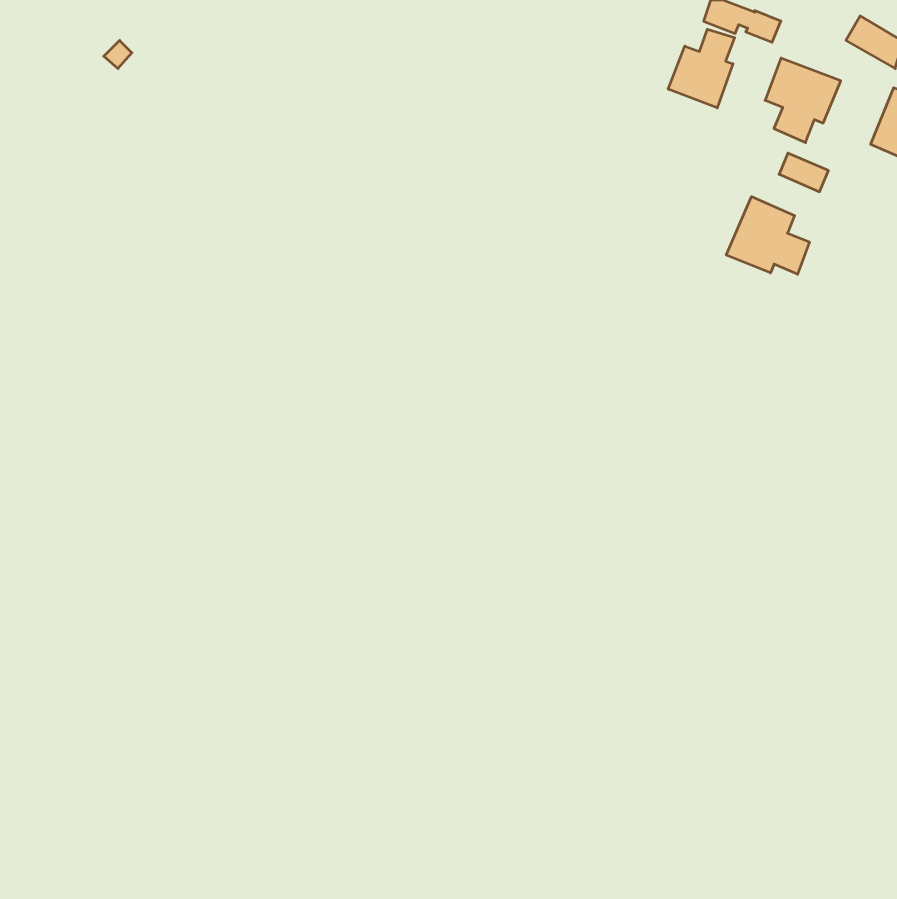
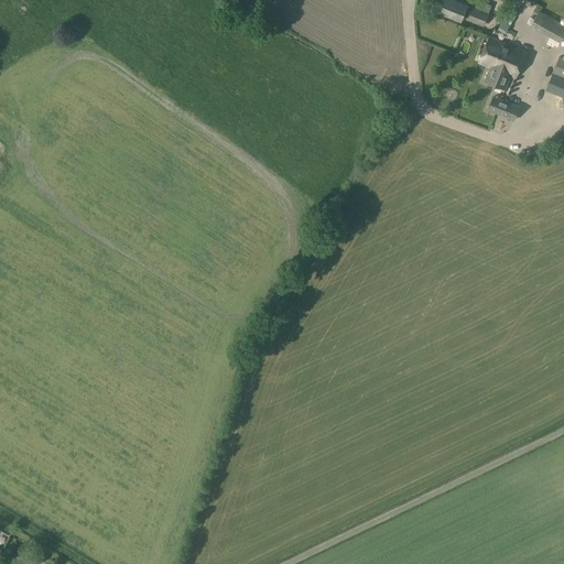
building: [668,29,735,108] -> none
building: [726,197,809,274] -> none

